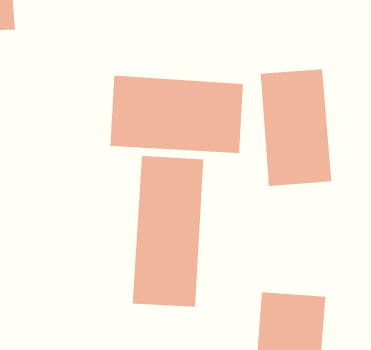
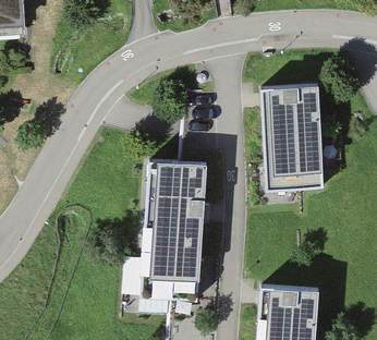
building: [110,75,244,154] -> none

